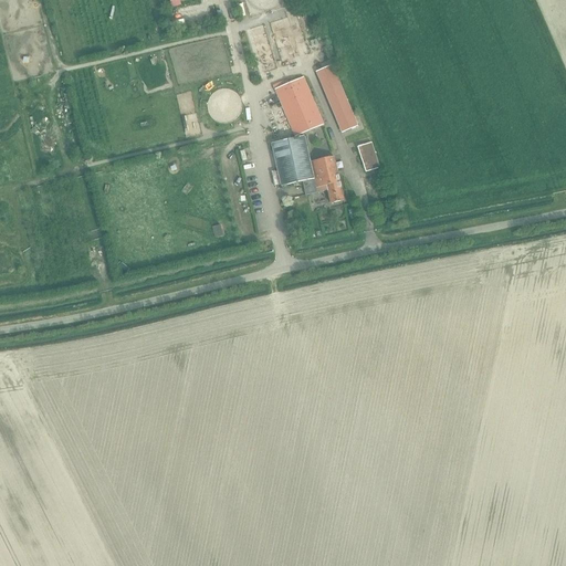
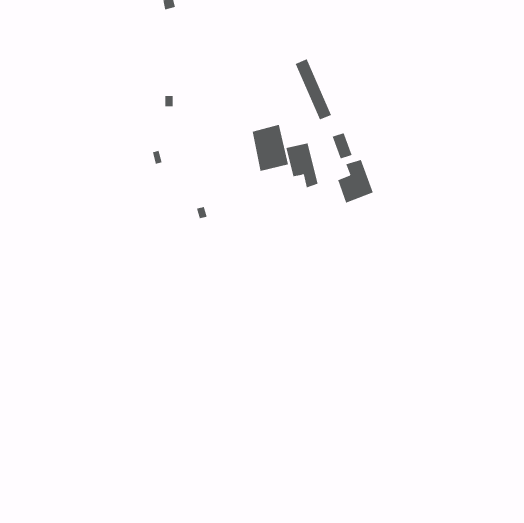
building: [275,77,322,135] -> none
building: none -> [337,159,374,203]

